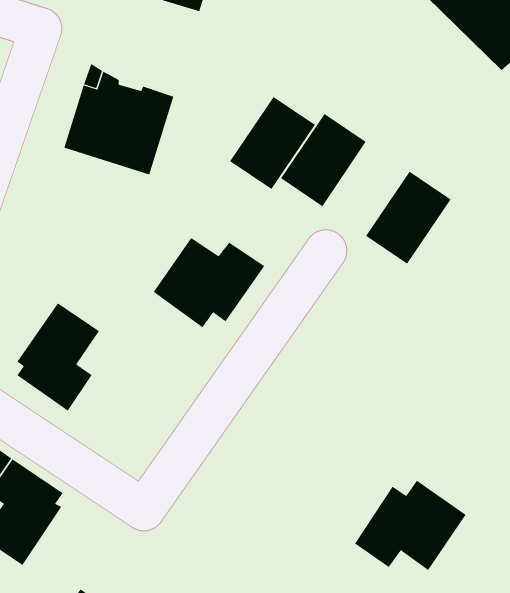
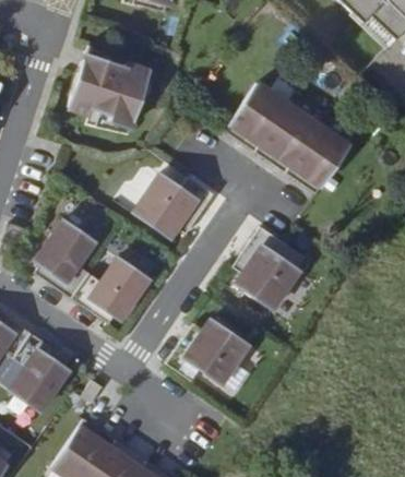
building: [229,96,316,190] -> [257,103,319,170]
building: none -> [236,224,307,307]
building: none -> [73,254,148,321]
building: [354,480,466,571] -> [168,315,249,381]

